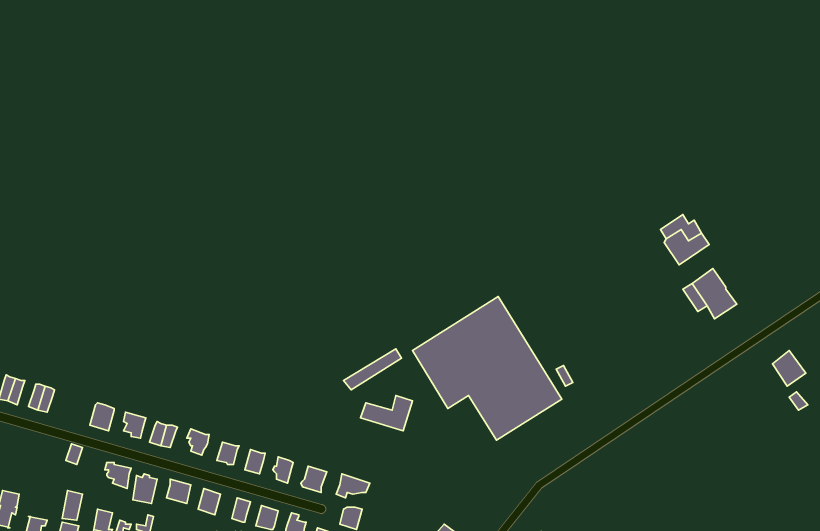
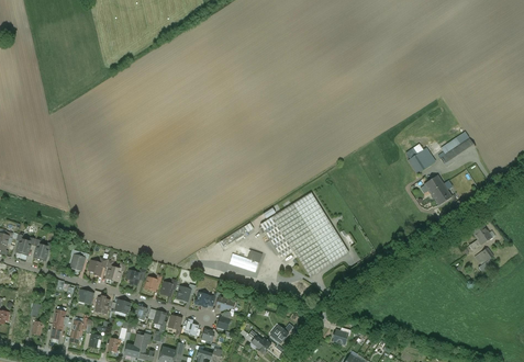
building: none -> [438,132,475,166]

